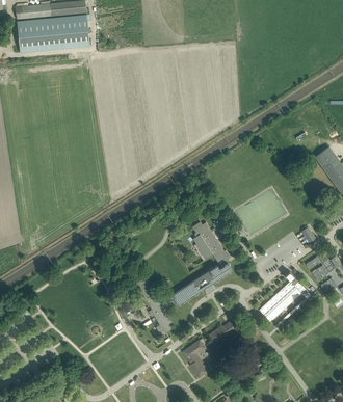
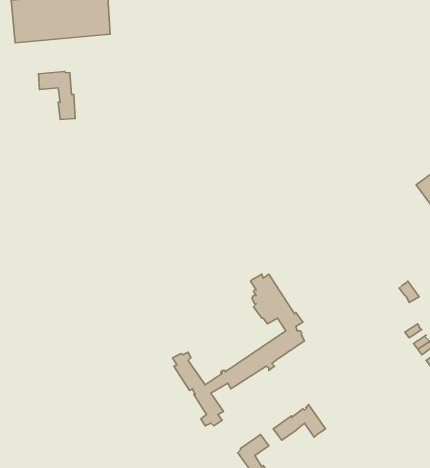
building: none -> [38,71,75,119]
building: [259,271,312,322] -> none

